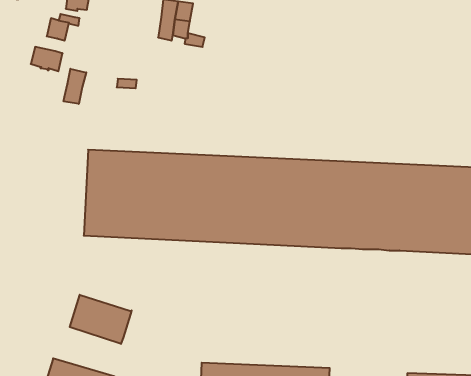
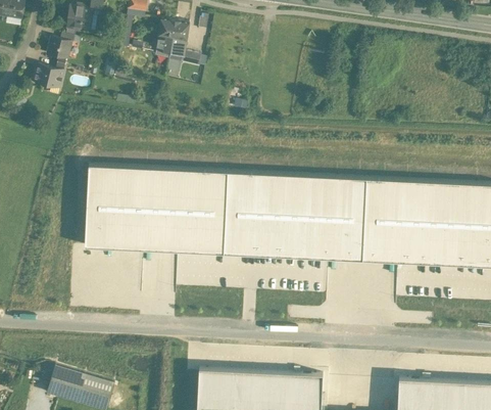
building: [64,69,86,104] -> none
building: [70,295,132,344] -> none

